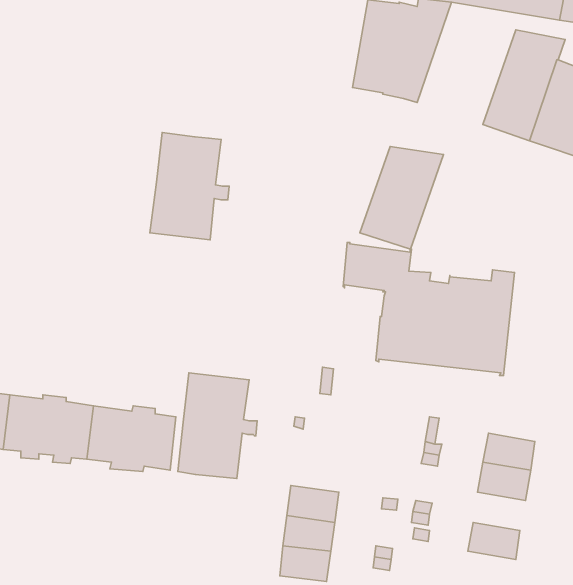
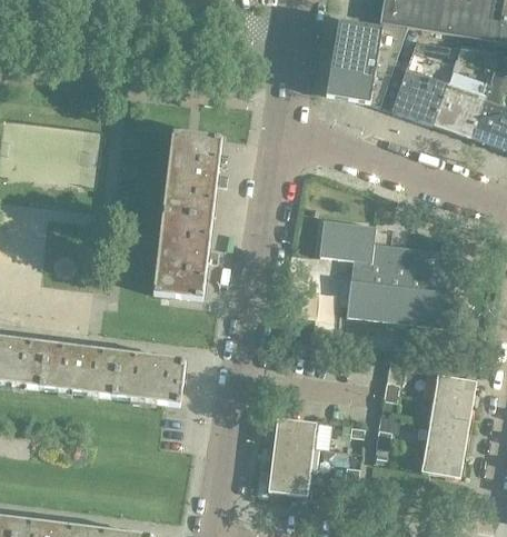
building: [360,146,444,249] -> [391,41,459,125]
building: [178,373,257,479] -> [153,212,218,298]
building: none -> [425,422,467,454]

